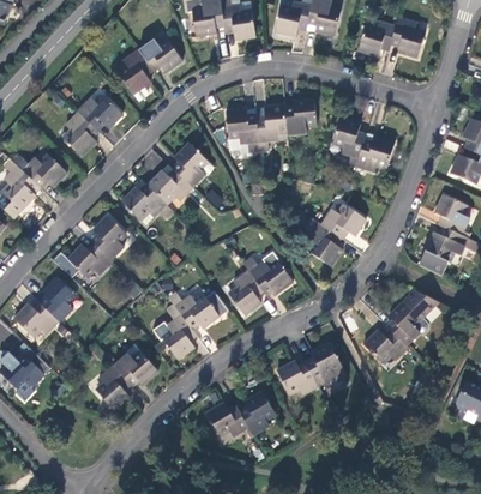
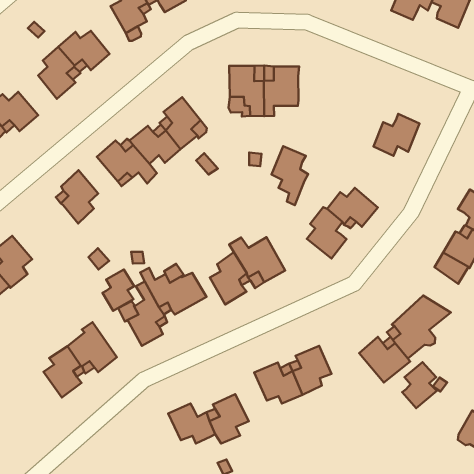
building: [285,98,317,134] -> none
building: [333,118,365,167] -> [271,146,308,205]
building: [68,243,113,277] -> none
building: none -> [102,270,134,311]
building: none -> [402,362,437,408]

